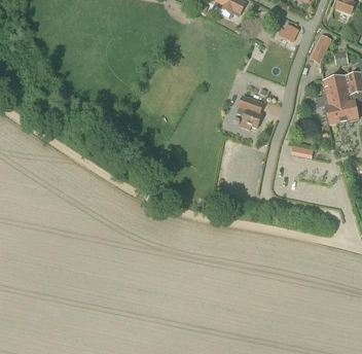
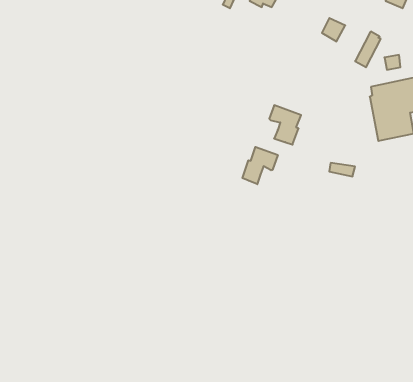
building: none -> [242,147,278,184]

